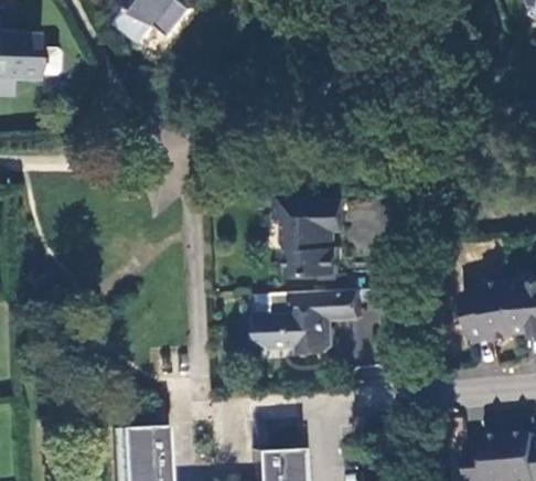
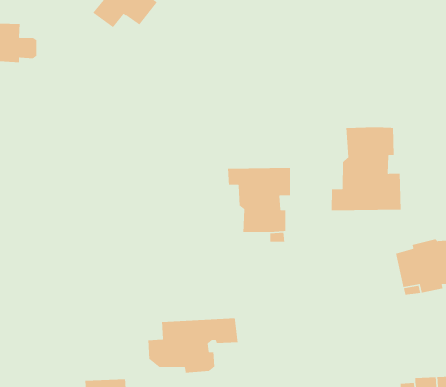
building: none -> [331,126,401,211]
building: [259,287,363,351] -> [148,318,238,374]

